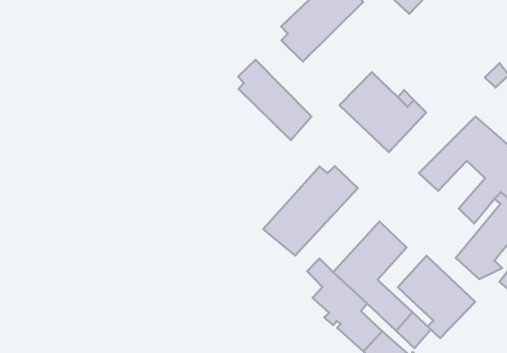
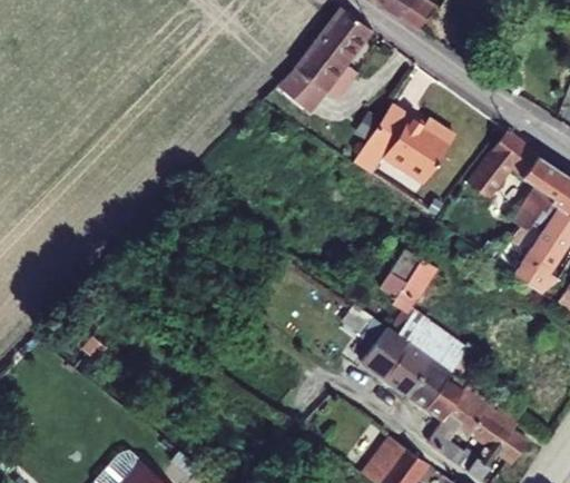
building: [238,60,312,140] -> none
building: [263,166,358,256] -> none
building: [398,256,475,338] -> none

